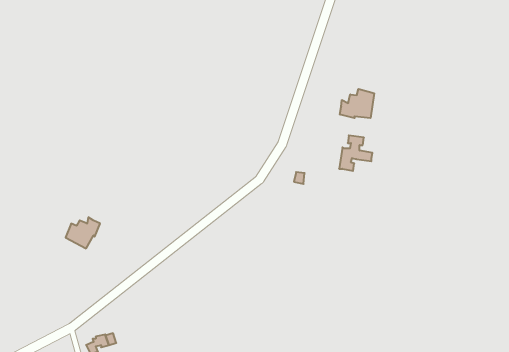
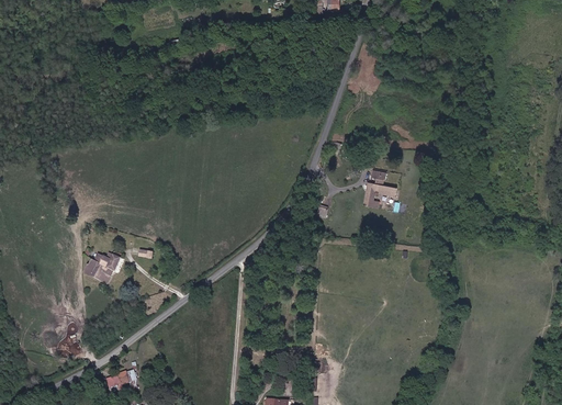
building: [340,89,374,118] -> none

